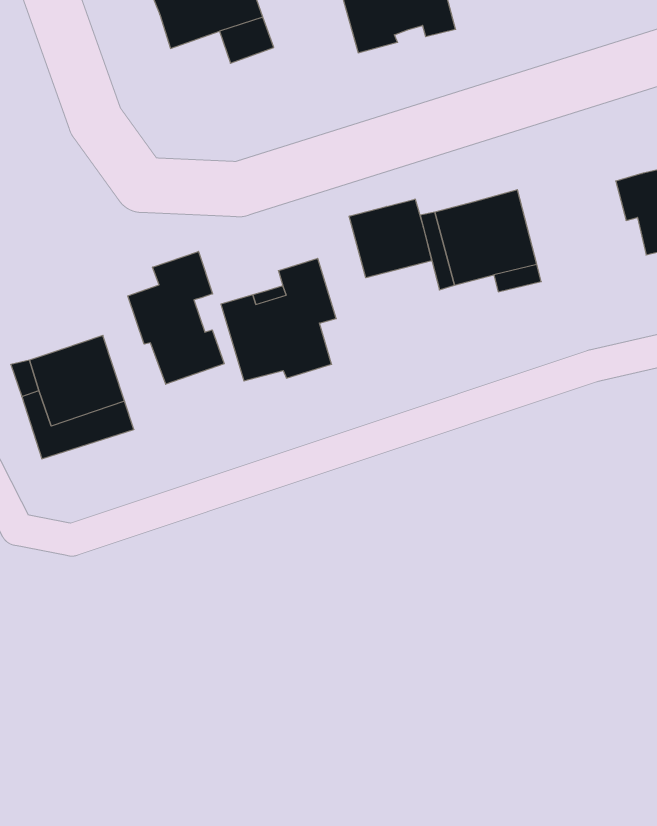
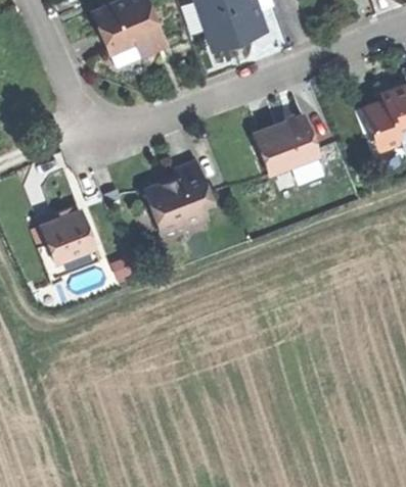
building: [349,199,432,278] -> none
building: [128,251,224,384] -> none

